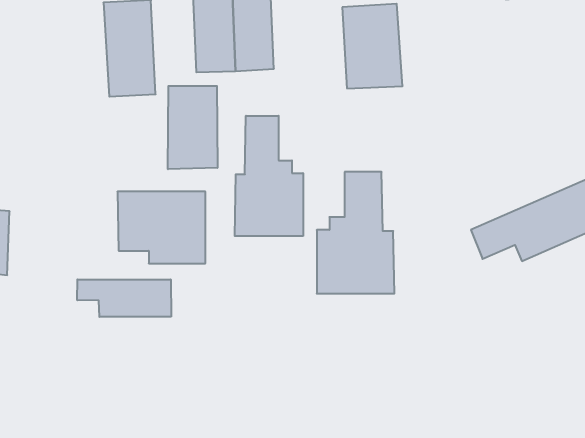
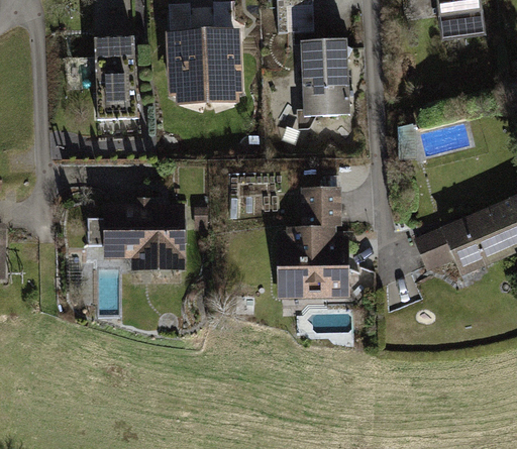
building: [168,86,217,169] -> none
building: [235,116,303,236] -> none
building: [77,279,171,317] -> none

